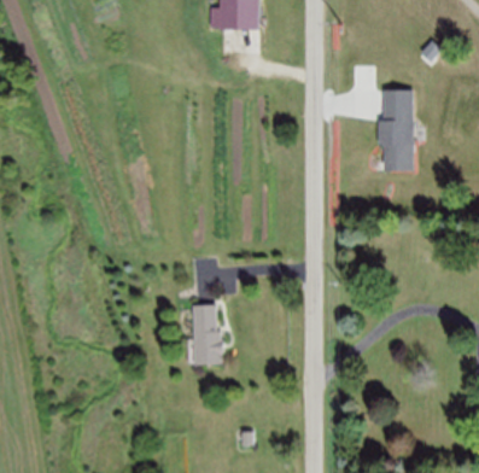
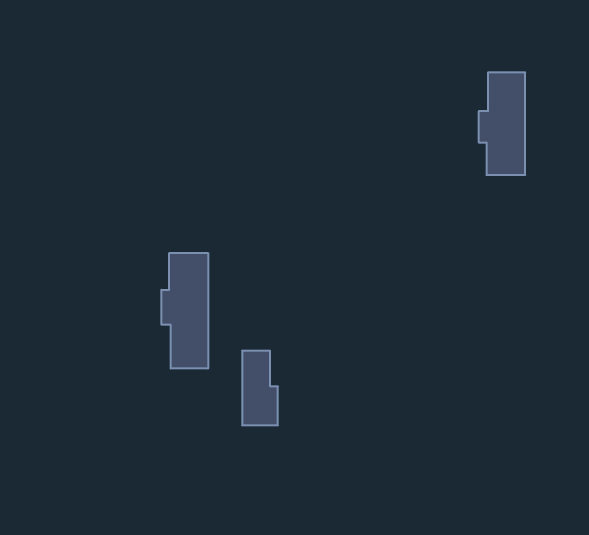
building: none -> [161,253,208,369]

